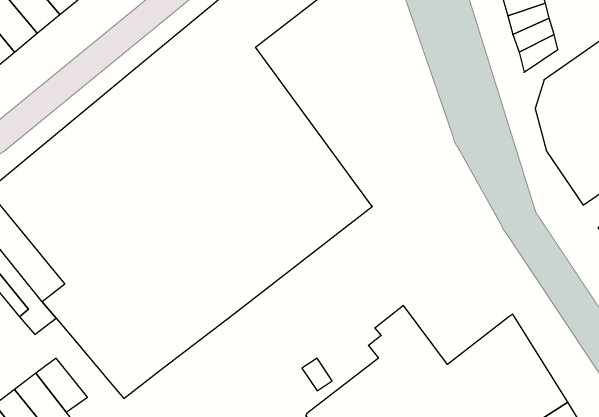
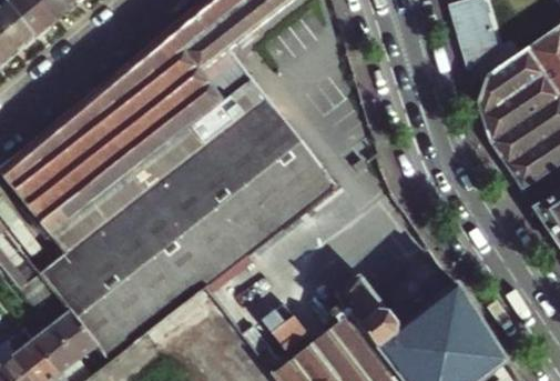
building: none -> [54,308,101,357]

